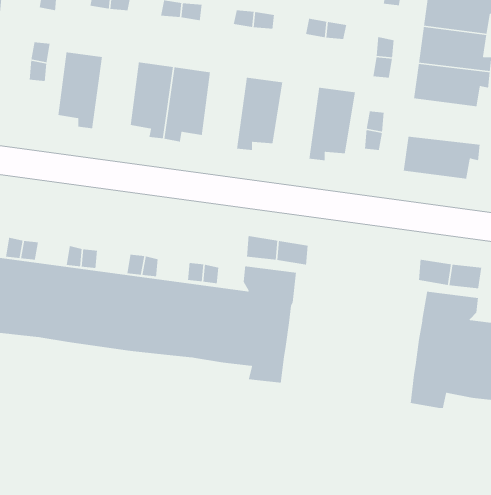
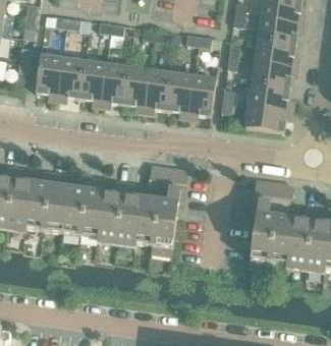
building: none -> [57,55,85,101]
building: none -> [123,64,150,111]
building: none -> [166,70,194,117]
building: none -> [247,80,293,108]

